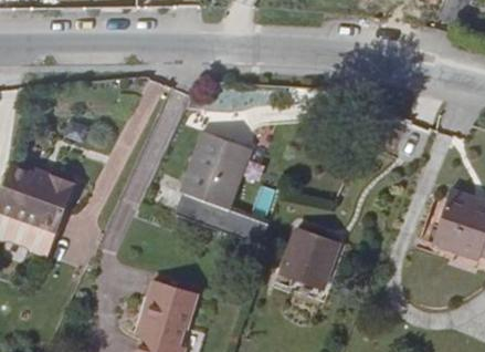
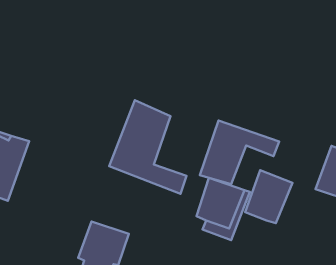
building: none -> [200,120,279,184]
building: none -> [245,170,293,223]

